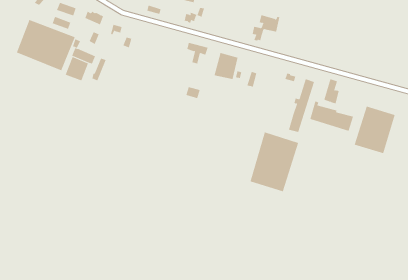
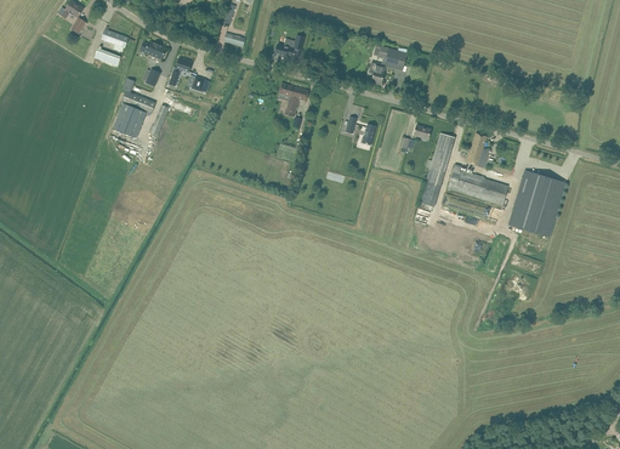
building: [16,19,75,71] -> none
building: [214,52,238,80] -> none
building: [250,132,299,192] -> none

